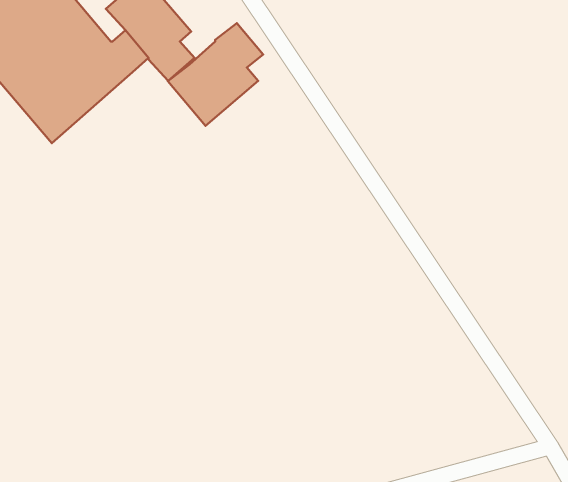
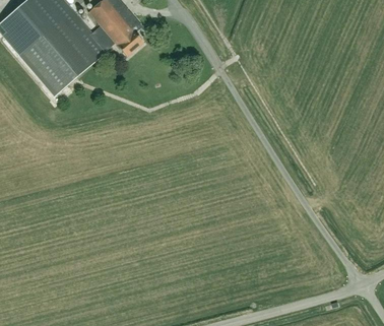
building: [168,23,263,126] -> none

